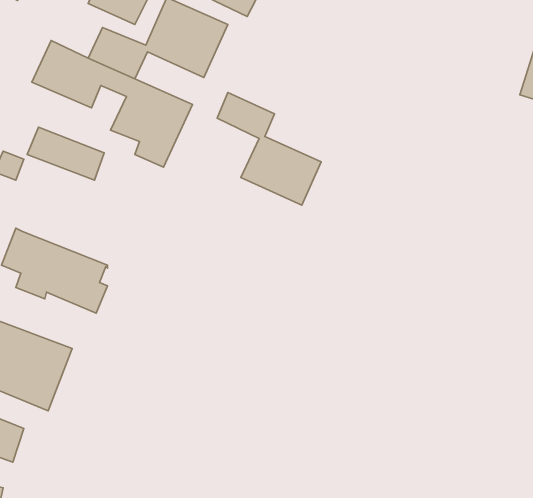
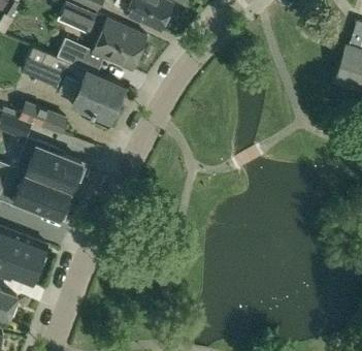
building: [217,93,321,205] -> none
building: none -> [15,141,86,190]

